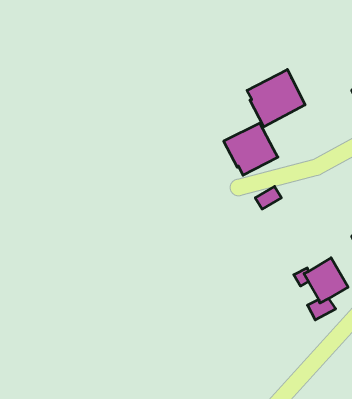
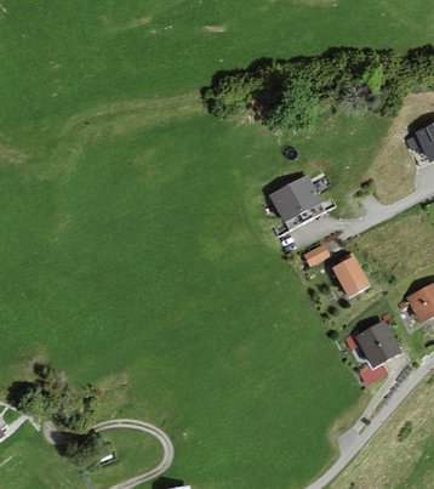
building: [247,69,305,127] -> none
building: none -> [332,251,371,296]

